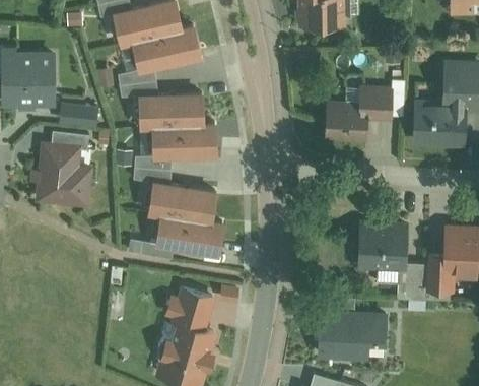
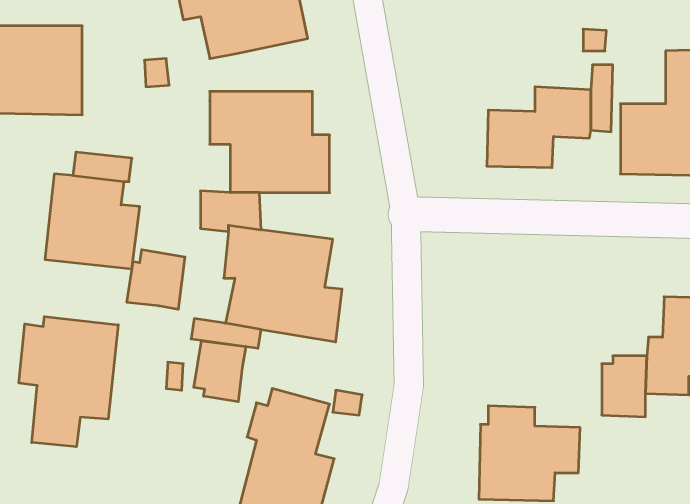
building: [120,68,158,100] -> none
building: [60,104,99,128] -> none
building: none -> [127,250,185,309]
building: [353,227,404,270] -> none
building: none -> [19,317,118,447]
building: none -> [194,341,246,402]

